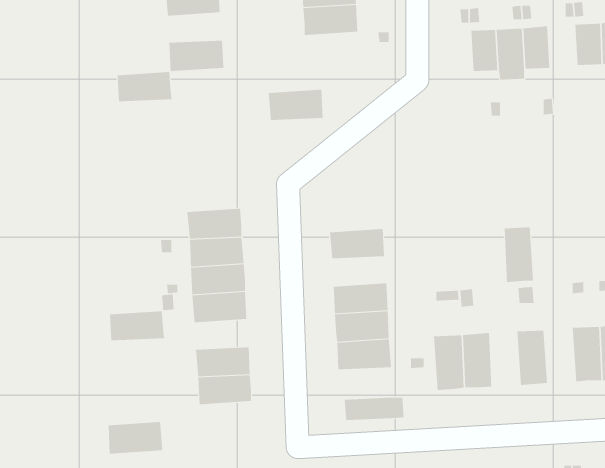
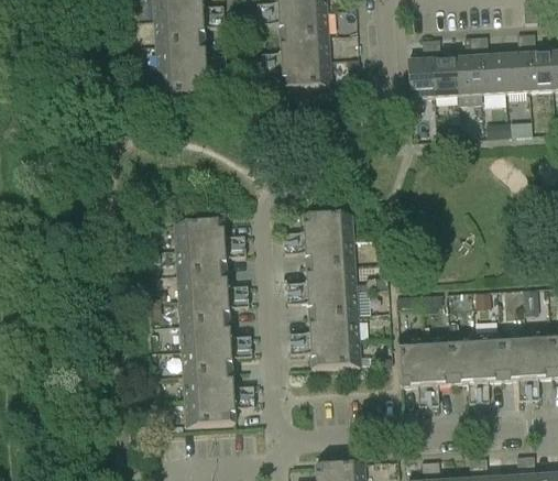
building: none -> [503,53,529,92]
building: none -> [407,58,435,98]
building: [117,72,173,102] -> [156,42,207,69]
building: [268,89,323,120] -> [281,59,331,88]
building: none -> [303,212,353,242]
building: [504,227,534,282] -> [450,332,478,383]
building: none -> [306,264,357,292]
building: [109,311,165,341] -> [180,321,231,349]
building: none -> [500,329,528,380]
building: [344,397,404,421] -> none
building: [108,421,163,454] -> [185,396,236,426]

